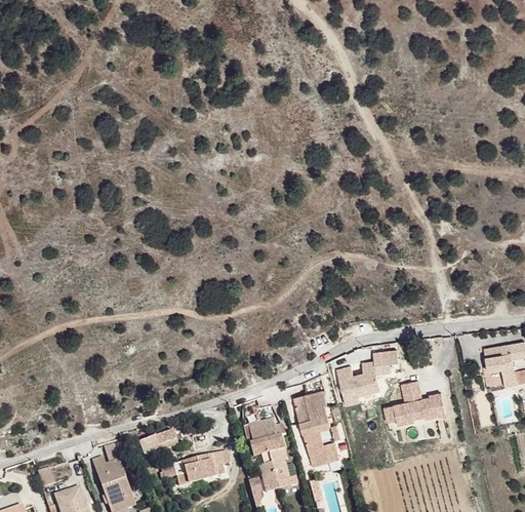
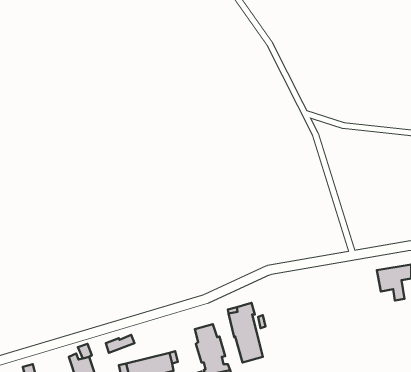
building: [333,351,396,406] -> none
building: [381,381,445,427] -> none

